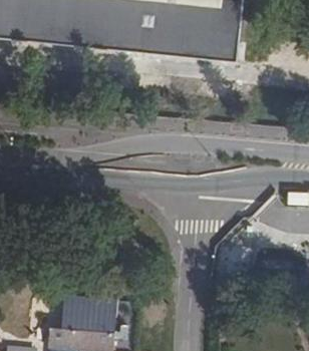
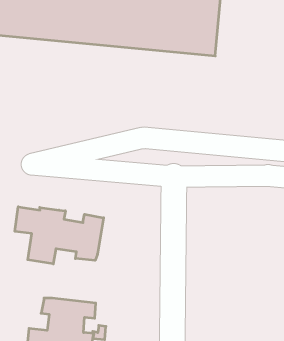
building: none -> [15,207,104,264]

